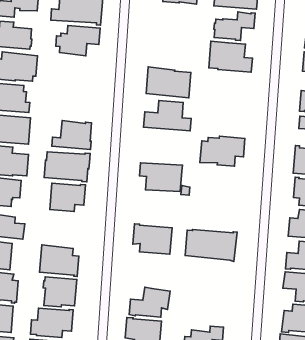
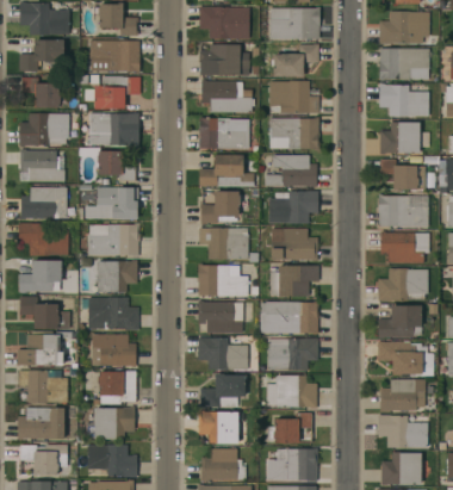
building: none -> [199,44,250,75]
building: none -> [201,80,254,112]
building: none -> [79,113,139,147]
building: none -> [269,117,318,151]
building: none -> [98,151,136,181]
building: none -> [265,155,317,187]
building: none -> [200,191,249,224]
building: none -> [271,229,317,261]
building: none -> [198,265,248,296]
building: none -> [269,266,318,296]
building: none -> [88,297,138,330]
building: none -> [198,339,248,370]
building: none -> [267,337,318,371]
building: none -> [267,376,317,408]

